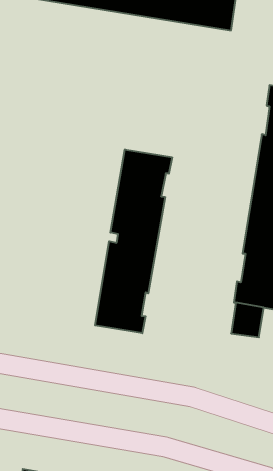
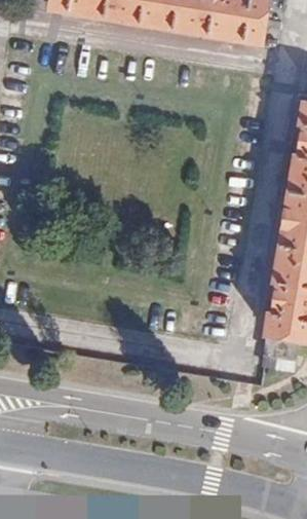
building: [95,149,172,333] -> none

